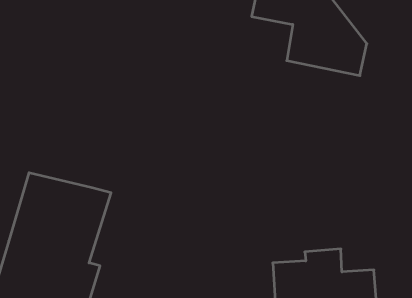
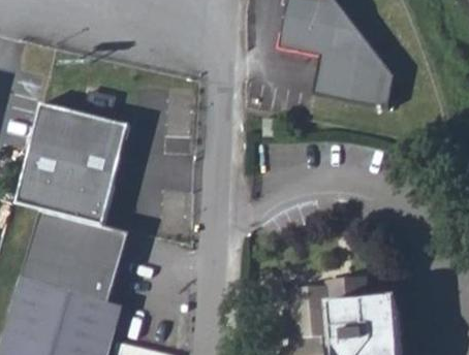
building: none -> [20,99,131,221]

